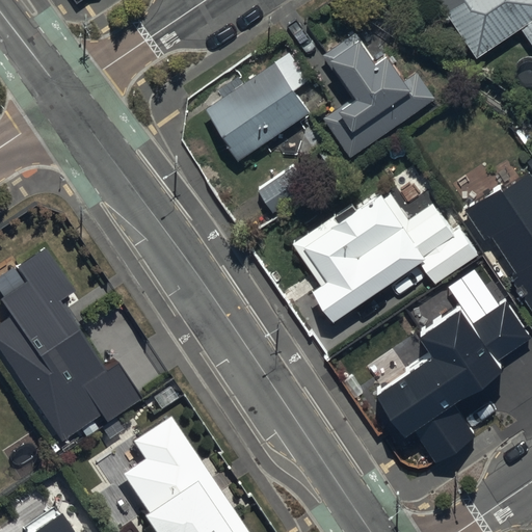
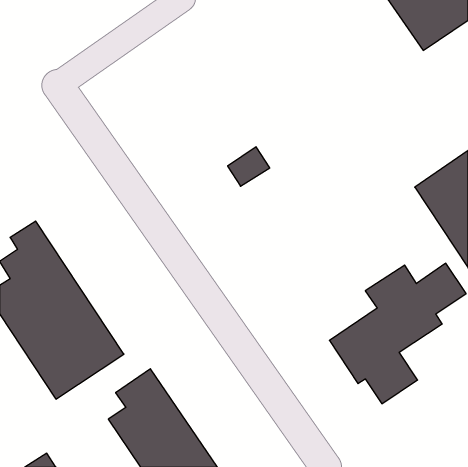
building: [324,27,425,158] -> none
building: [205,62,311,160] -> none
building: [294,188,475,320] -> none

